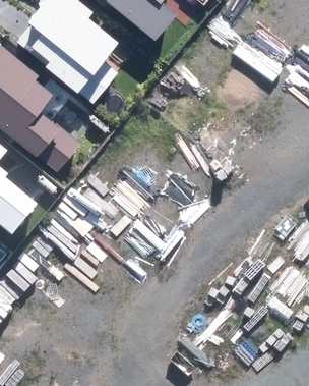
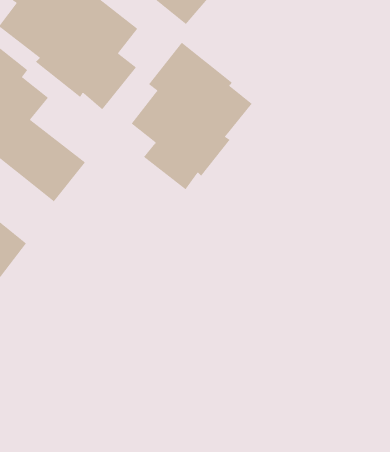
building: none -> [131,42,253,190]

